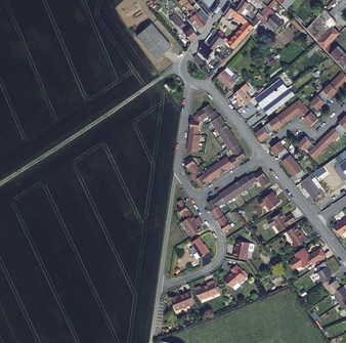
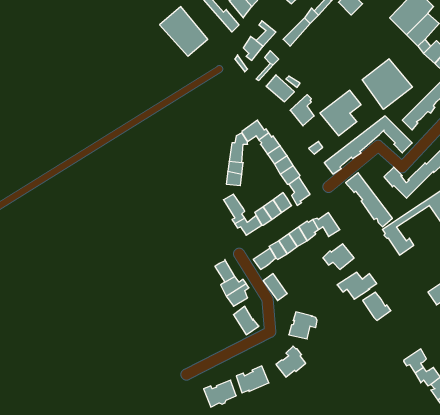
building: none -> [362,59,412,109]
building: [292,249,322,274] -> none

